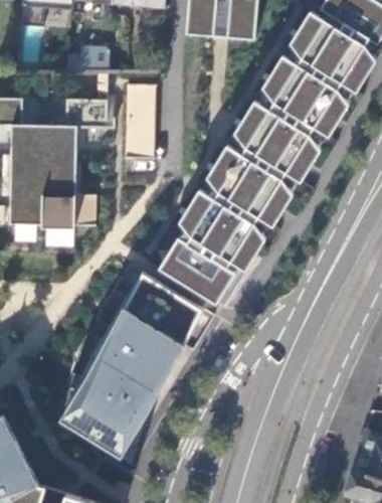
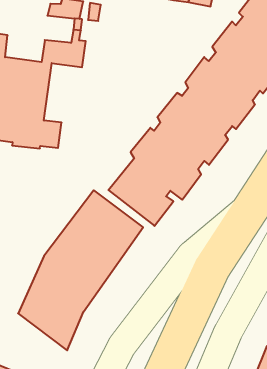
building: [126,85,154,157] -> none

